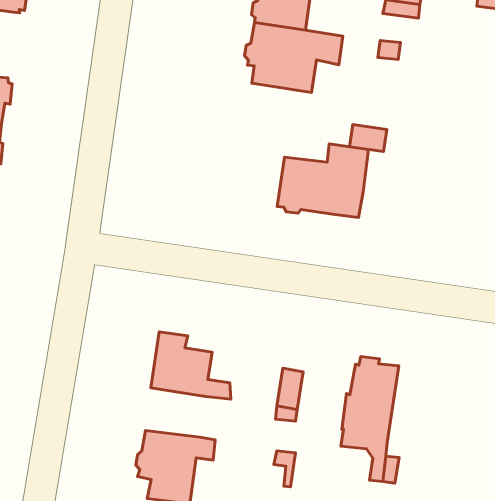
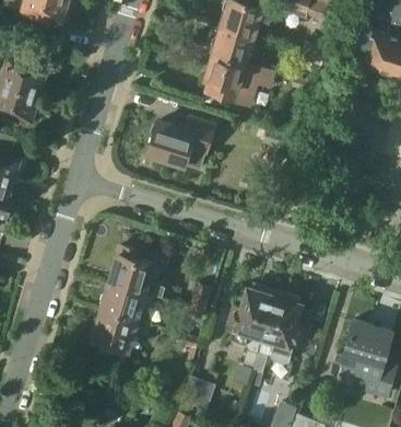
building: [277,144,368,218] -> [149,118,214,170]
building: none -> [260,292,303,362]
building: none -> [102,282,145,320]

